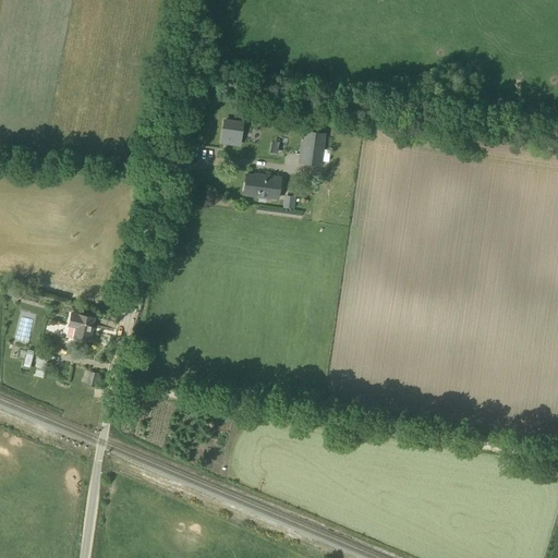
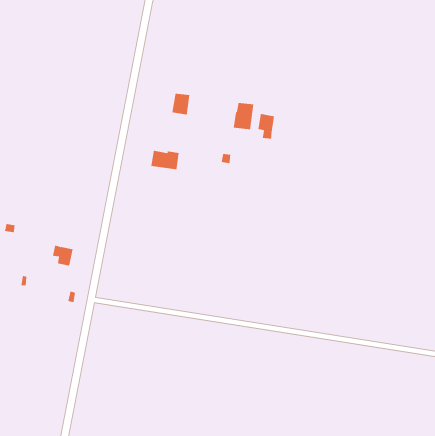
building: none -> [258,113,275,140]
building: [244,174,281,199] -> [151,150,180,170]

